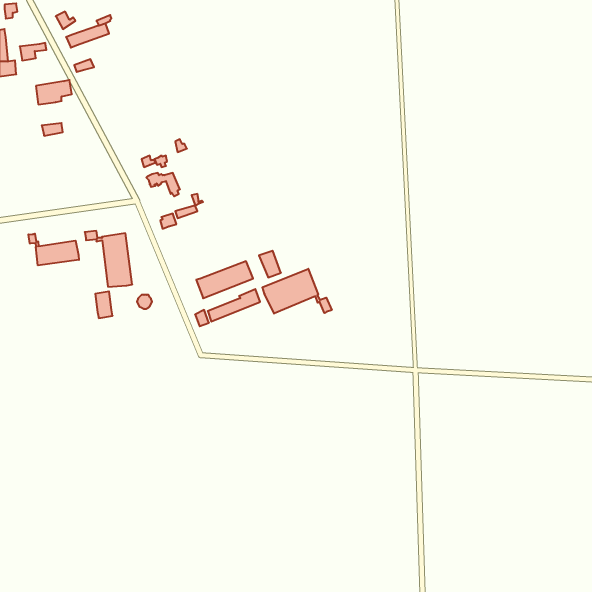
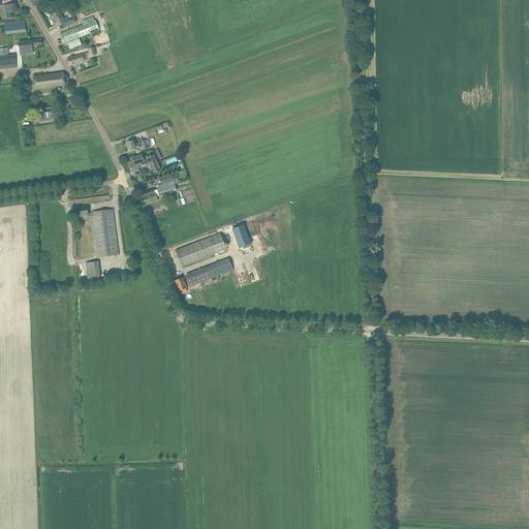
building: [28,234,79,265] -> none
building: [262,269,332,314] -> none

